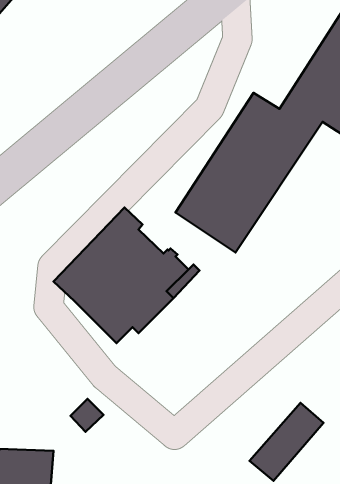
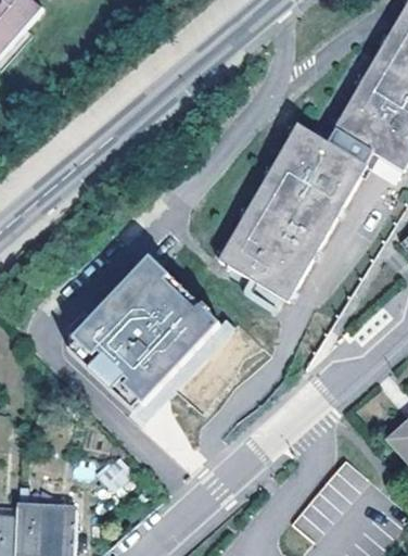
building: none -> [92,350,170,410]

